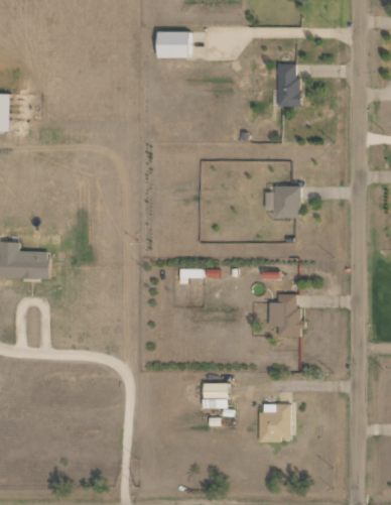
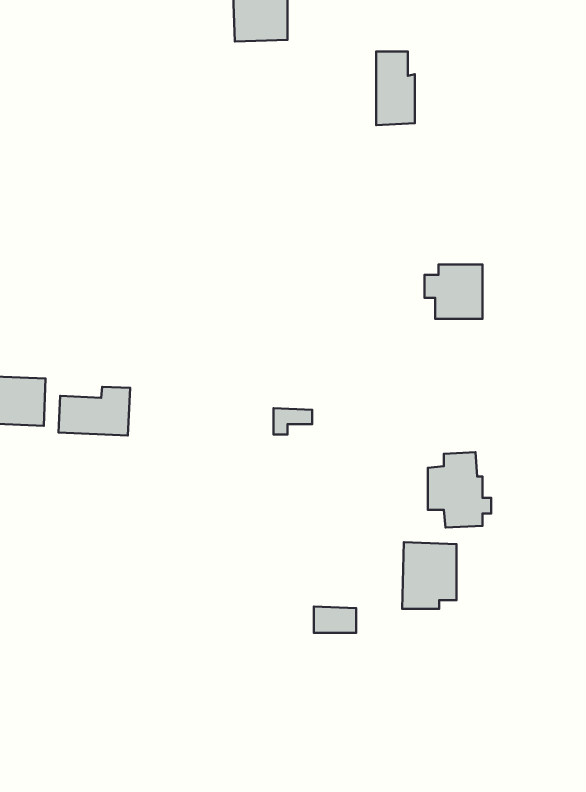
building: [278,65,300,107] -> [376,51,415,125]
building: none -> [59,387,130,435]
building: [260,404,291,443] -> [402,542,457,609]

